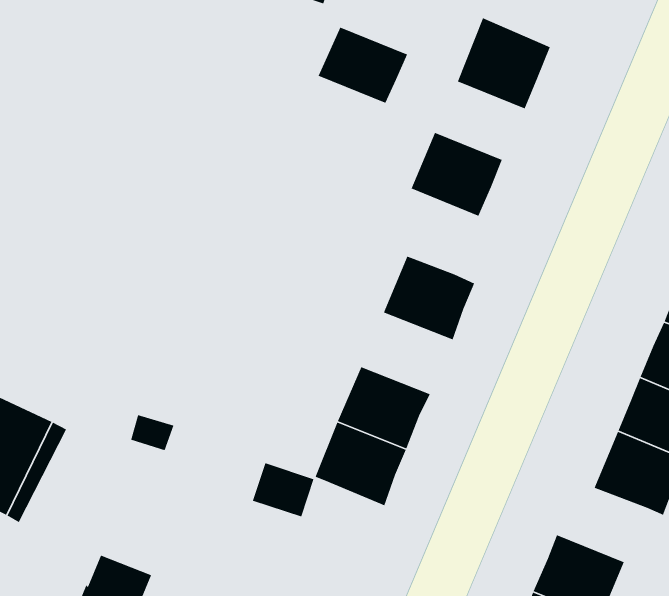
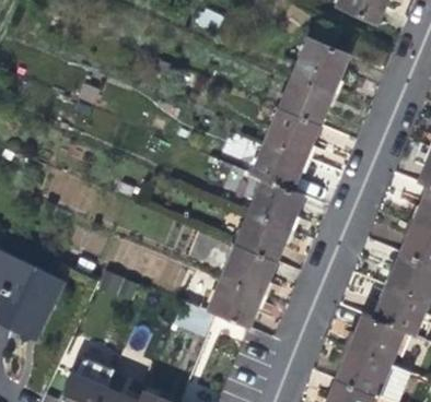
building: [318,26,408,104] -> [279,78,333,123]
building: none -> [251,141,305,191]
building: none -> [235,214,290,262]
building: none -> [351,314,405,362]

